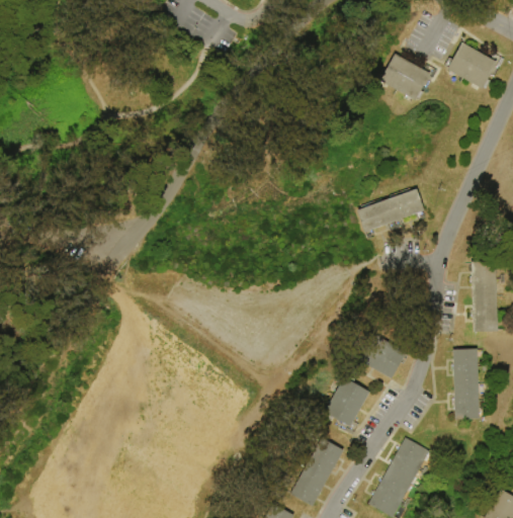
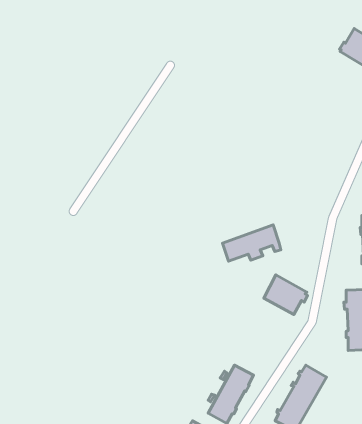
building: [379,54,438,100] -> none
building: [357,189,426,232] -> [222,225,281,261]
building: [324,377,369,436] -> none

